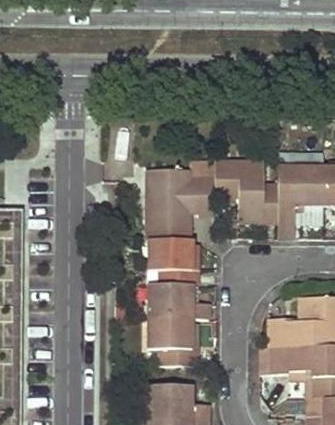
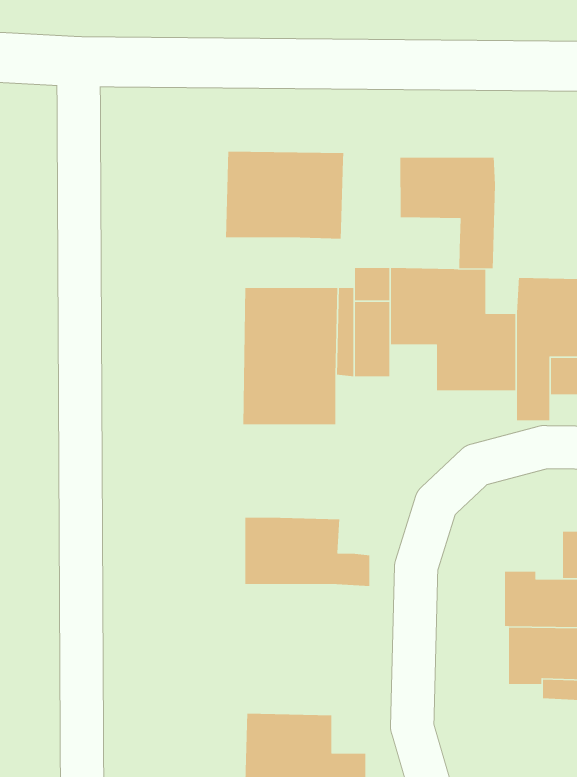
building: none -> [225,151,344,239]
building: none -> [400,157,496,269]
building: [146,240,199,287] -> none
building: [143,320,195,364] -> none

